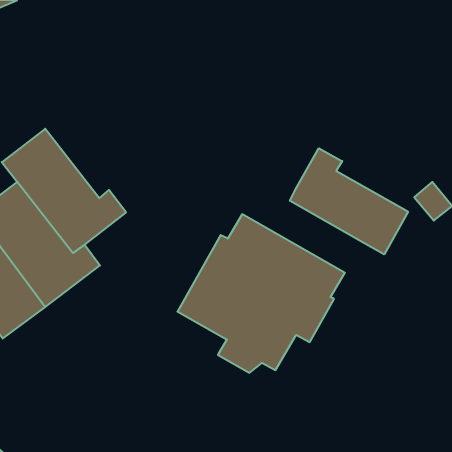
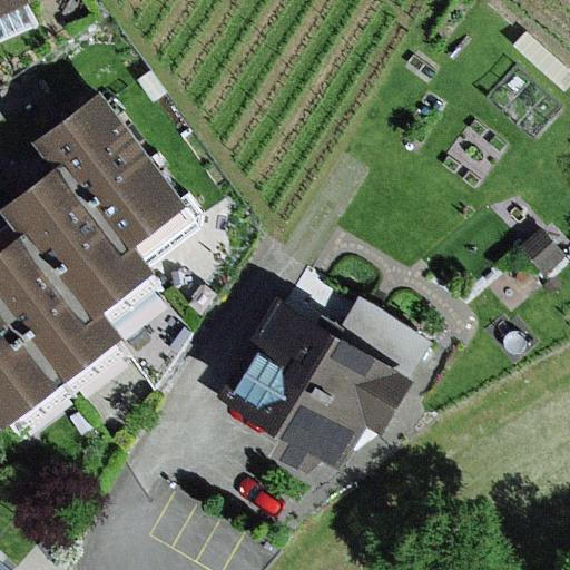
building: none -> [35,92,186,255]
building: [290,148,408,254] -> none

